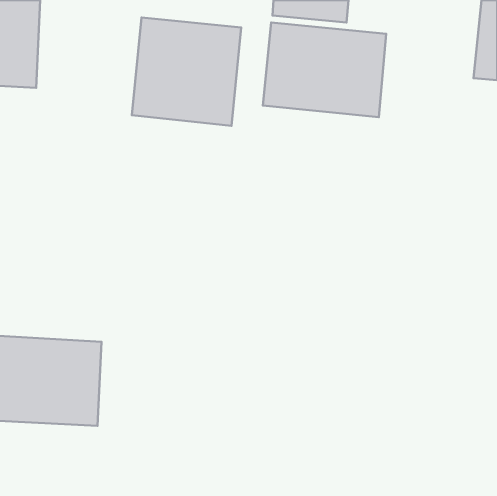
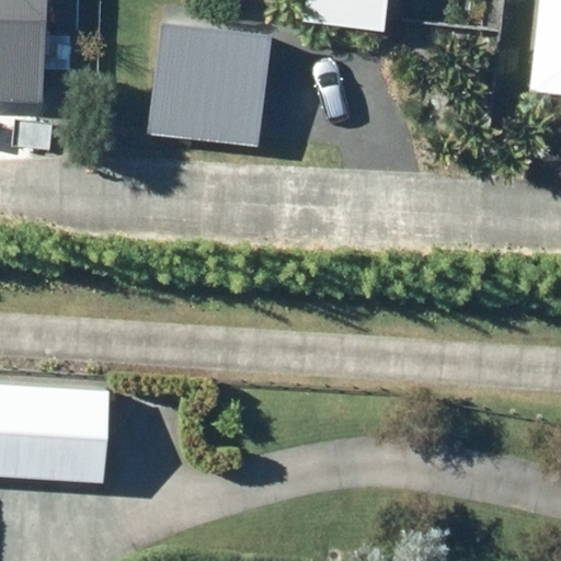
building: [263,23,386,117] -> none

